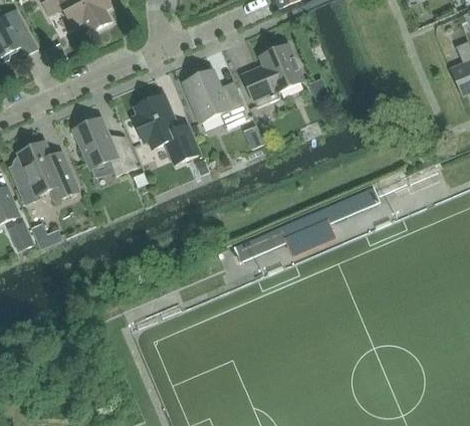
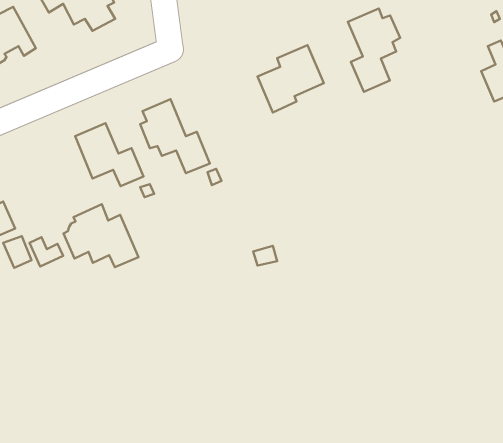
building: none -> [348,9,400,92]
building: [185,69,249,128] -> none
building: [9,141,78,199] -> [64,204,139,267]

